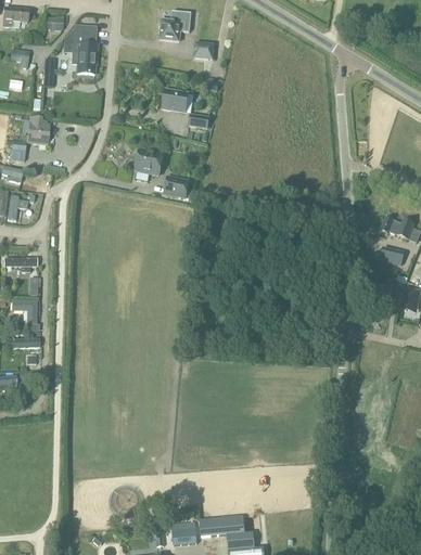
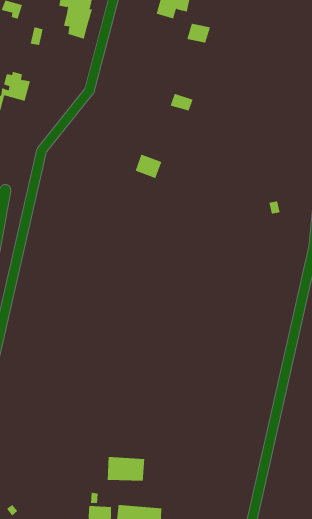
building: [162,89,189,112] -> none
building: [135,149,163,175] -> none
building: none -> [107,456,145,482]

